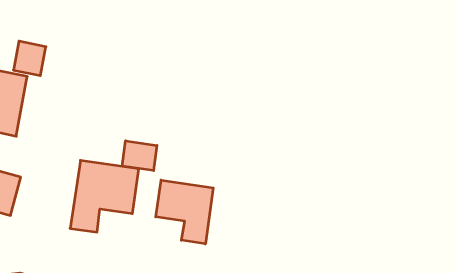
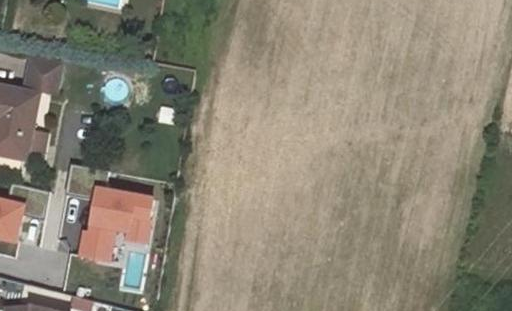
building: [122,141,157,171] -> none
building: [156,180,213,244] -> none

